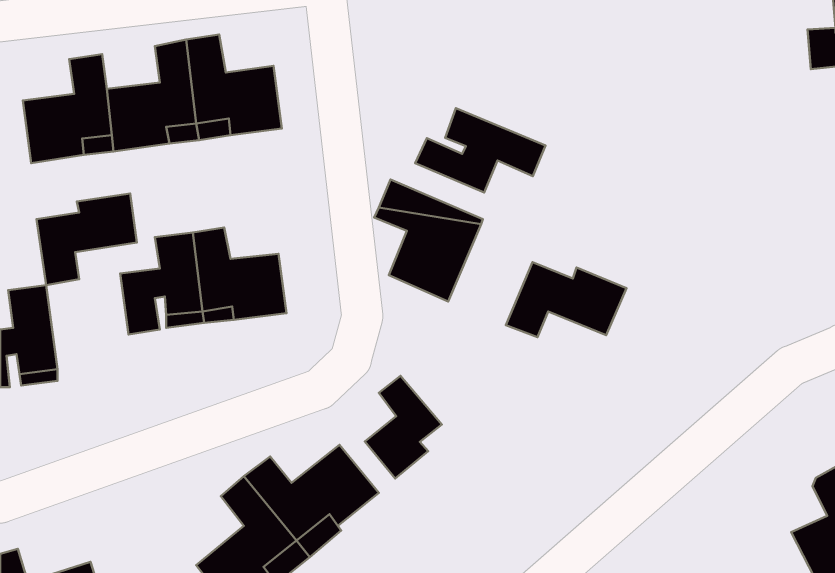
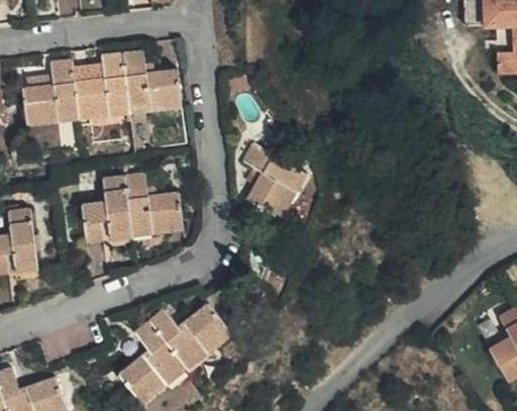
building: [415,108,546,193] -> none
building: [37,193,137,285] -> none
building: [506,262,627,337] -> none
building: [365,376,442,478] -> none

